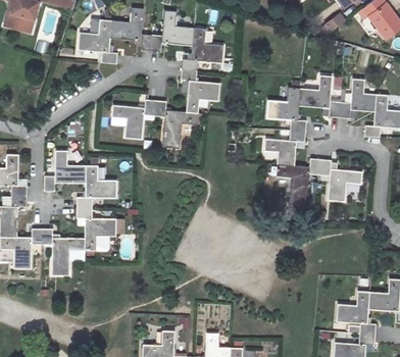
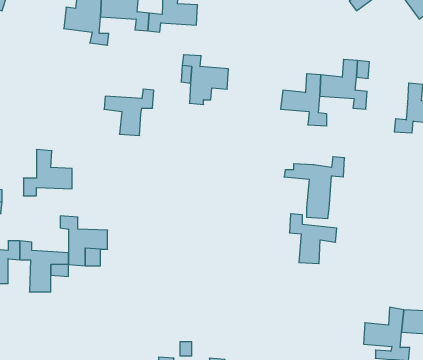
building: [182,28,223,71] -> none
building: [339,78,376,118] -> none
building: [155,101,199,149] -> none
building: [263,131,305,165] -> none
building: [319,159,360,202] -> [289,214,337,264]
building: [76,168,118,210] -> none

